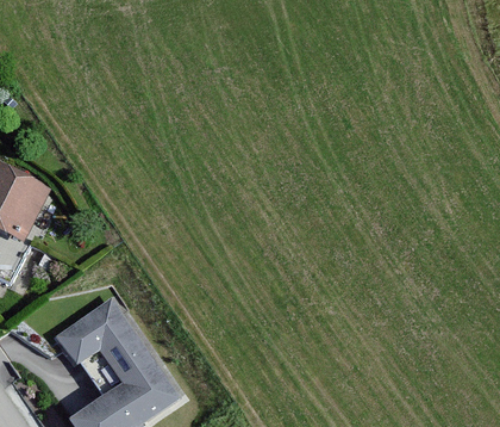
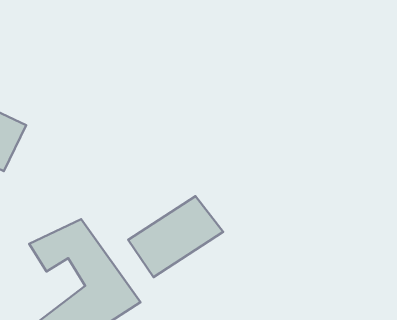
building: none -> [128,196,223,277]

